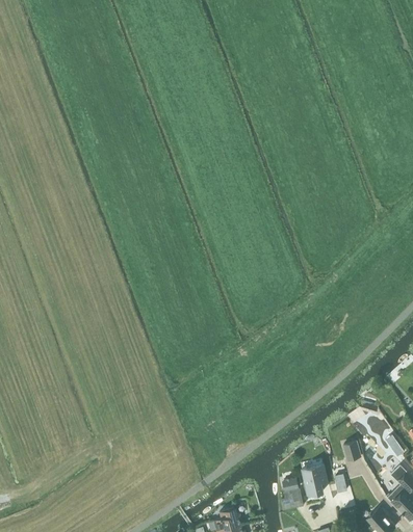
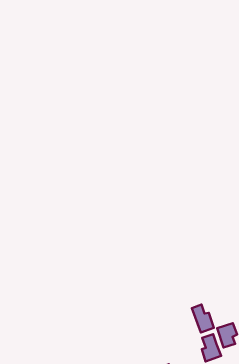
building: none -> [192,305,214,333]

